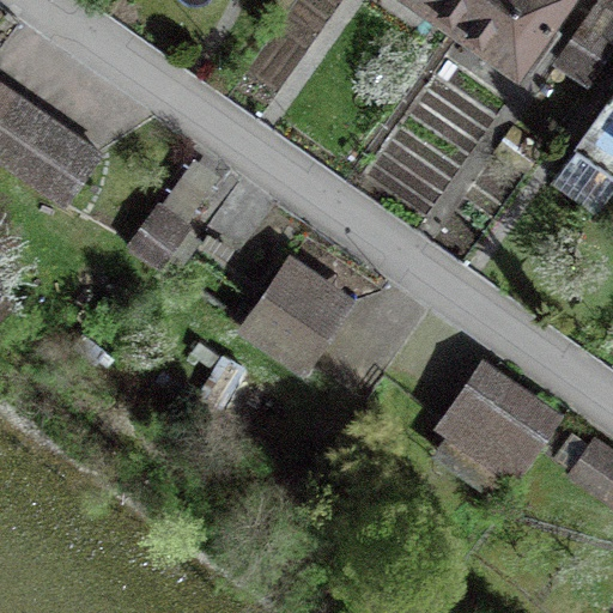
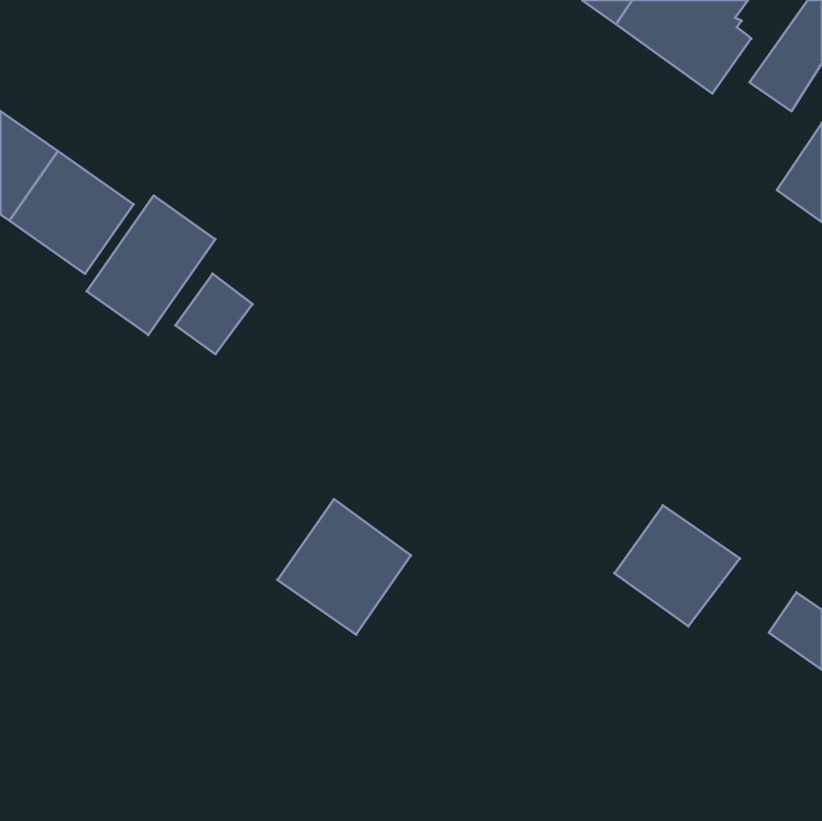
building: none -> [87,196,215,335]
building: [247,263,346,364] -> [277,499,411,635]

